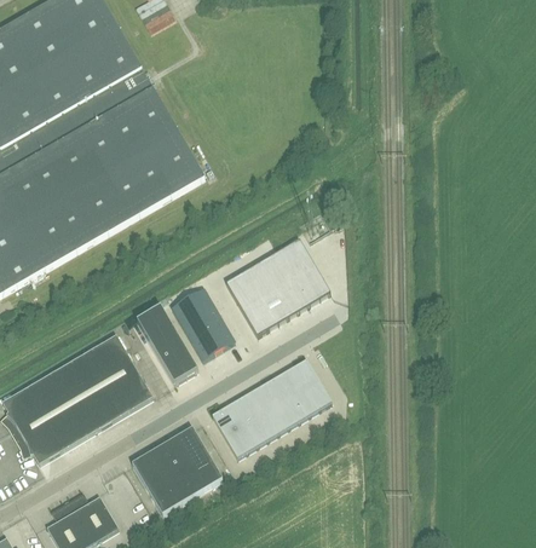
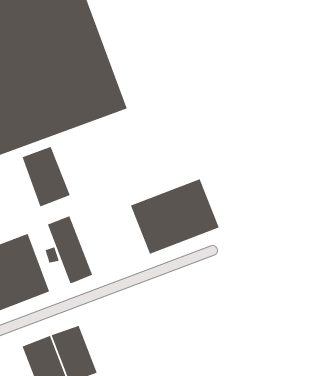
building: [172,289,235,360] -> [21,146,71,207]
building: [212,359,332,457] -> none

